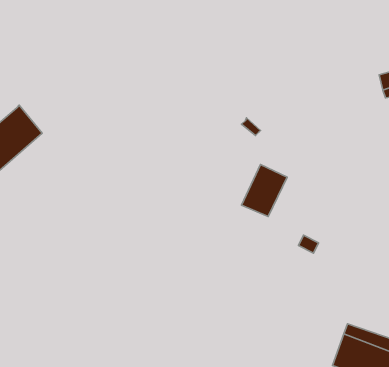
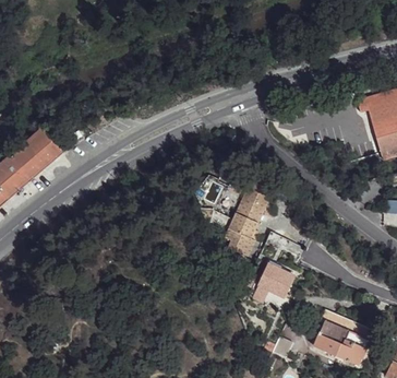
building: none -> [224,213,257,256]
building: none -> [253,270,290,304]

